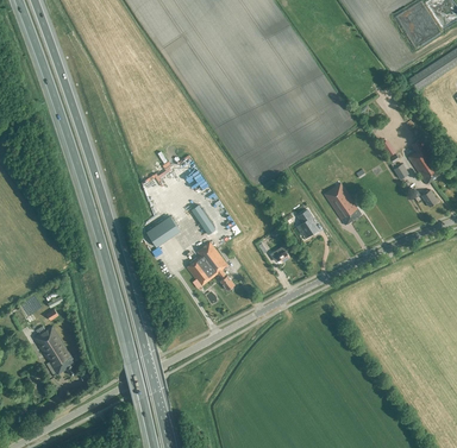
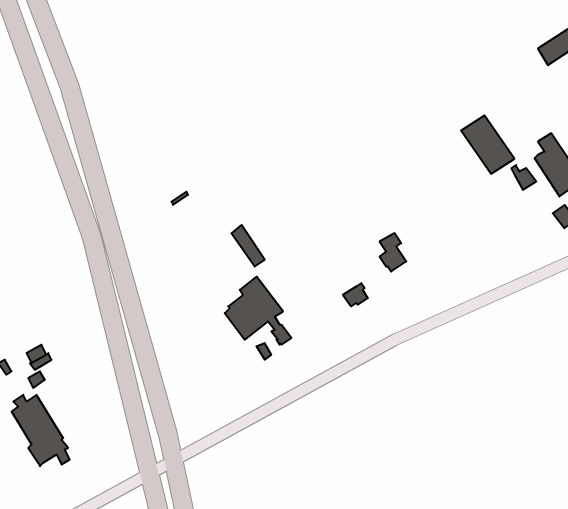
building: [324,183,362,225] -> [461,115,514,174]
building: [146,216,180,247] -> none

